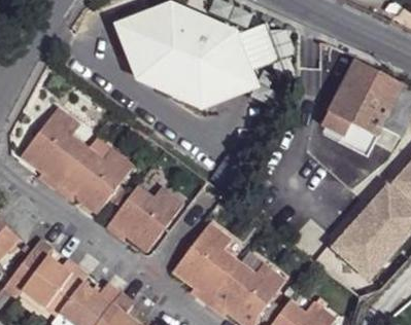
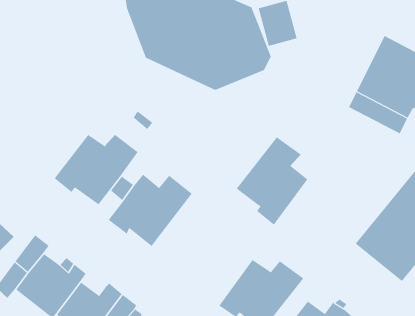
building: [21,108,87,188] -> none
building: [171,223,237,304] -> [236,137,308,226]

